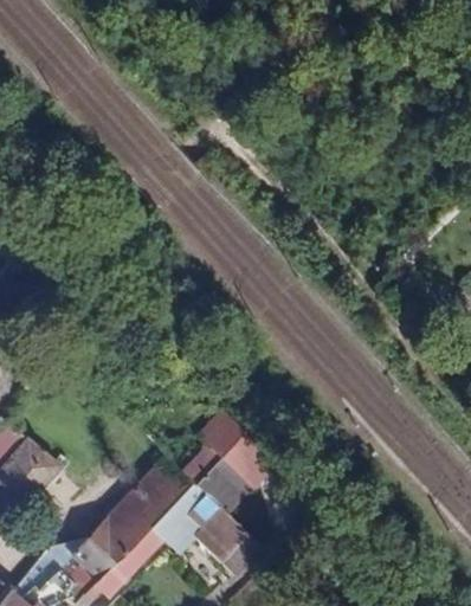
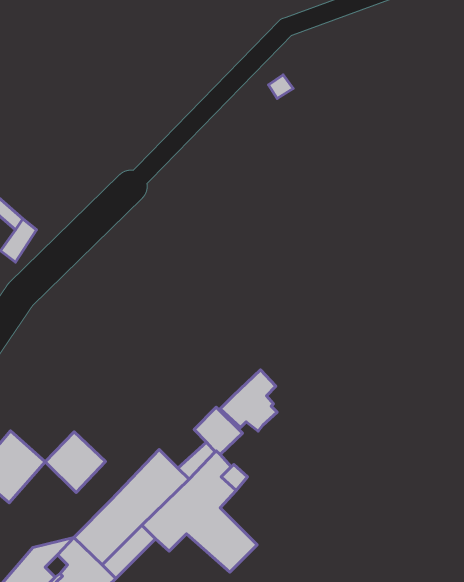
building: none -> [220,370,277,431]
building: none -> [45,432,105,492]

